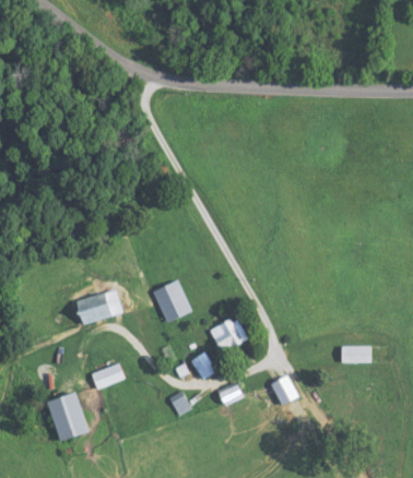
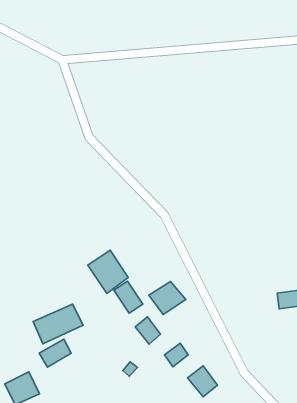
building: [71,290,121,326] -> [33,304,83,344]
building: none -> [114,281,143,313]
building: [270,374,299,406] -> [188,366,218,397]

